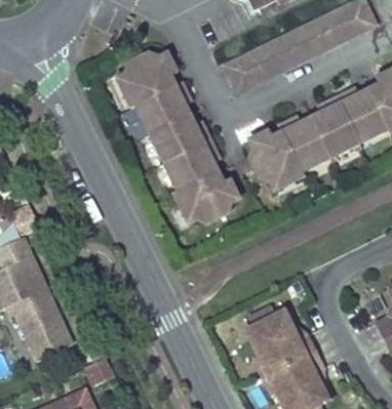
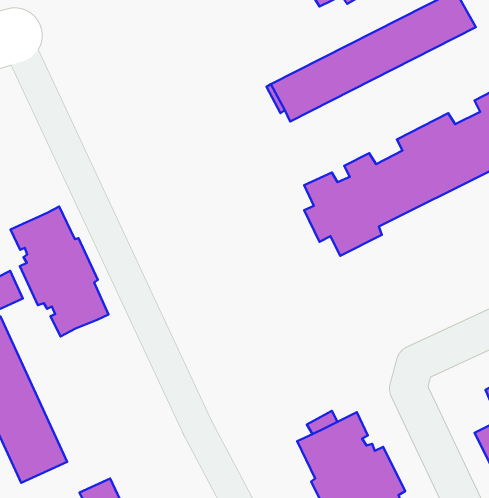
building: [116,53,239,224] -> none
building: none -> [10,207,109,336]

